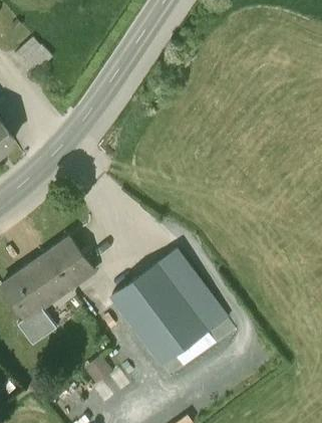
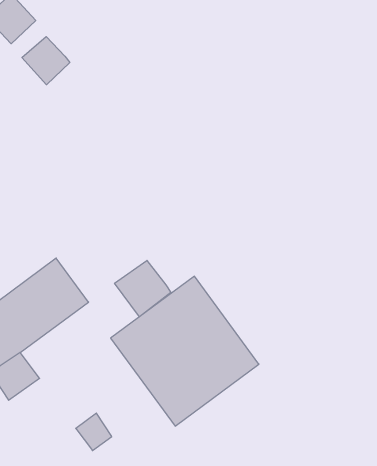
building: none -> [22,37,70,85]
building: none -> [115,260,171,317]

